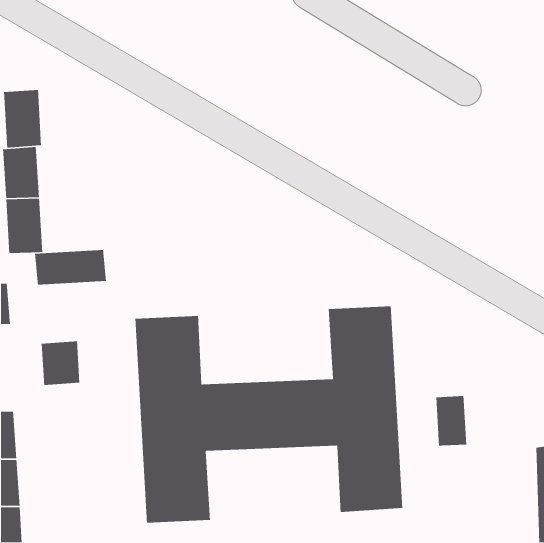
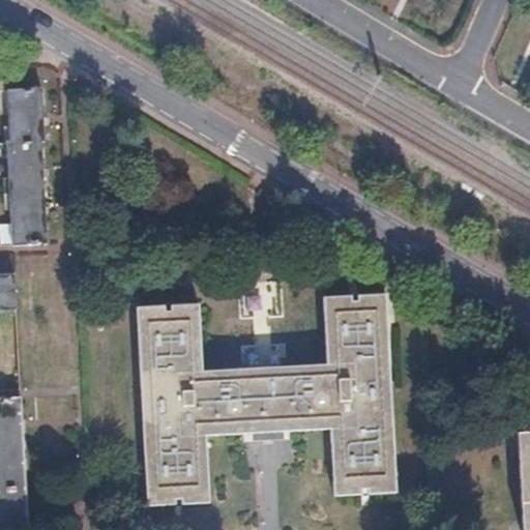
building: [34,249,107,286] -> none
building: [41,340,80,386] -> none
building: [435,395,467,447] -> none

